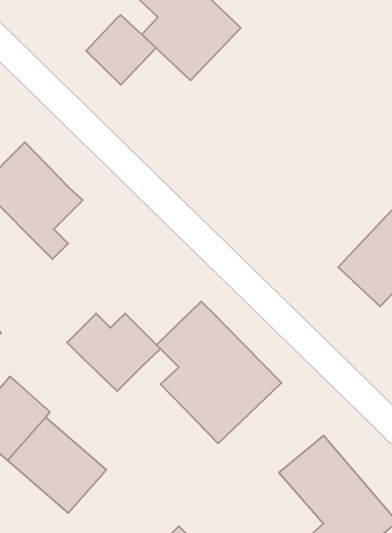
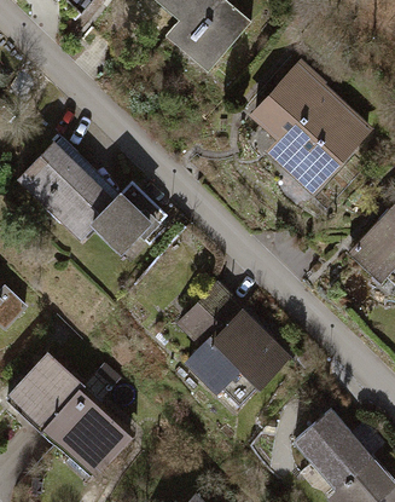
building: [86,15,156,85] -> none
building: none -> [249,64,373,198]
building: [67,313,161,391] -> [82,187,168,259]

